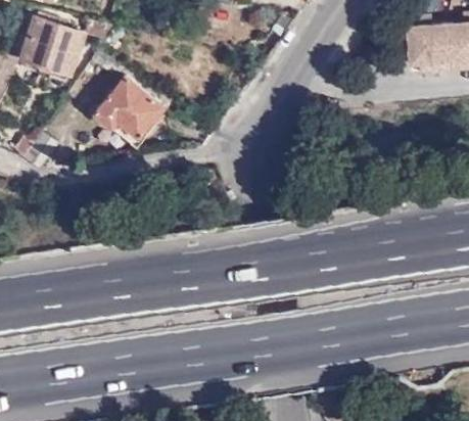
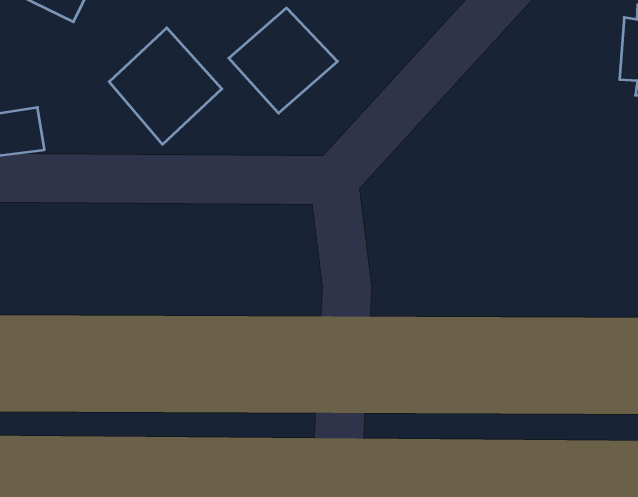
building: none -> [229,8,338,113]

